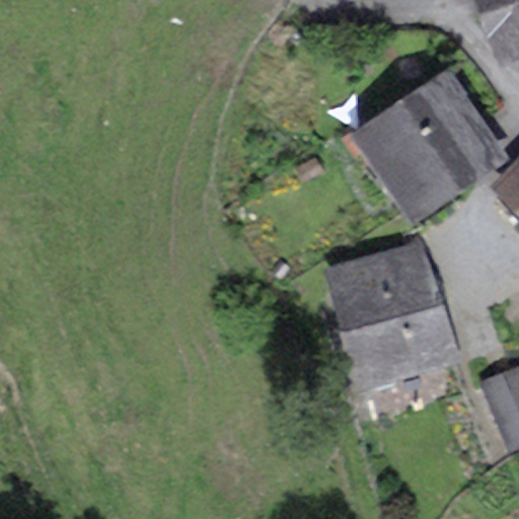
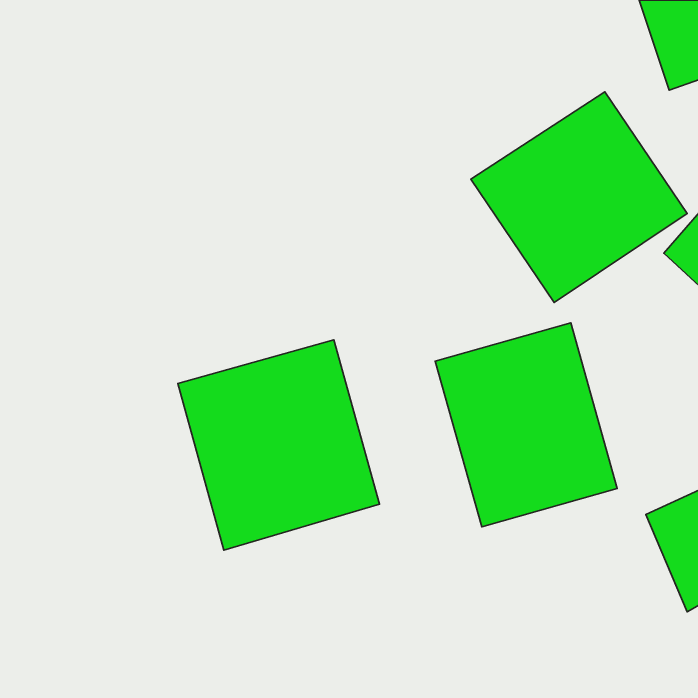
building: none -> [178,340,380,550]

